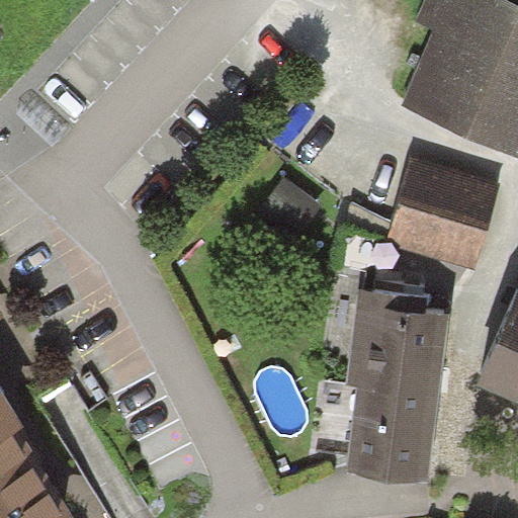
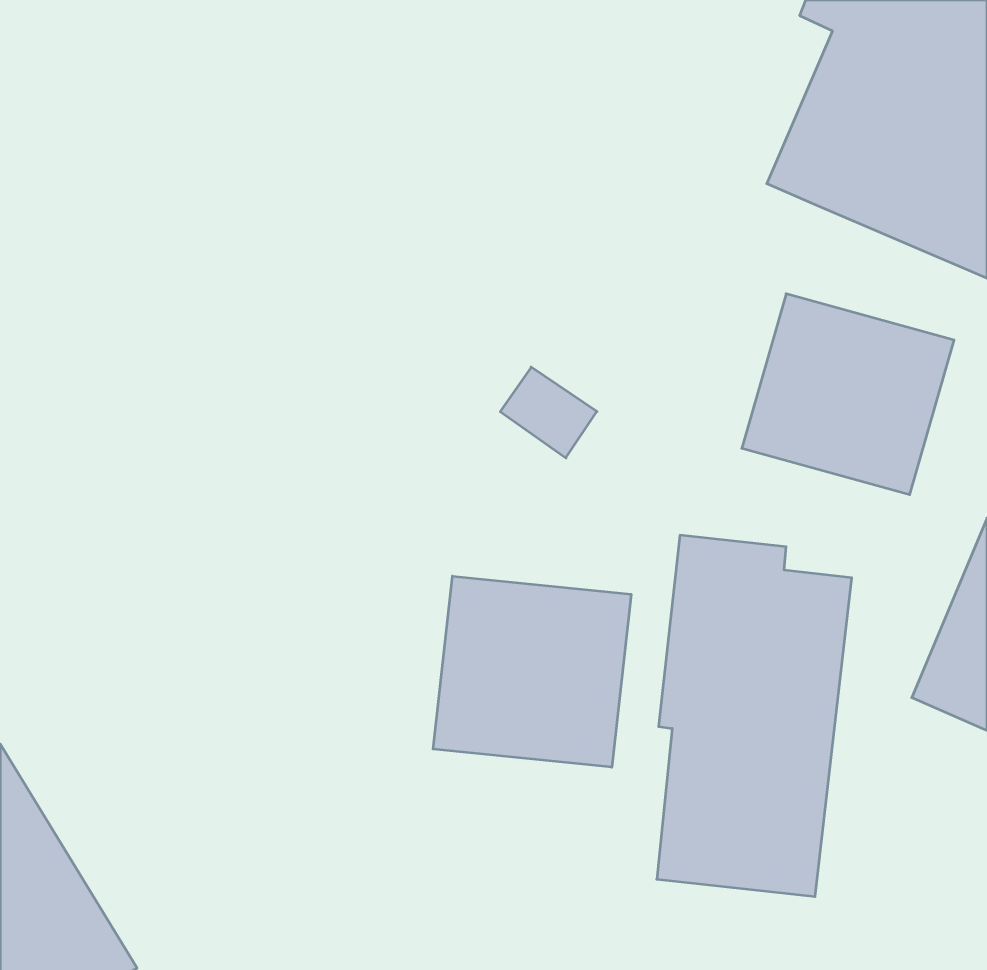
building: none -> [433,576,631,767]

